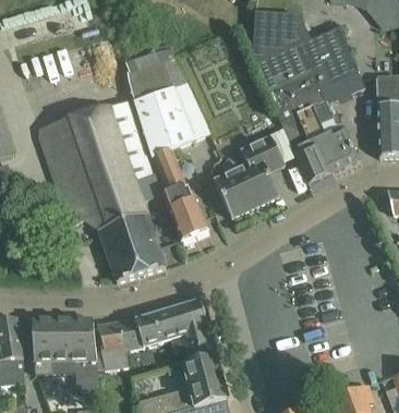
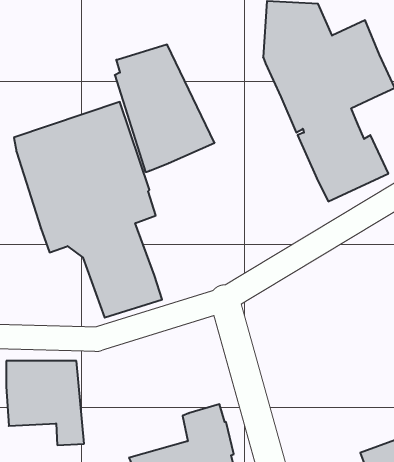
building: [214,135,285,218] -> none
building: [156,149,208,240] -> none
building: [97,299,217,368] -> none

